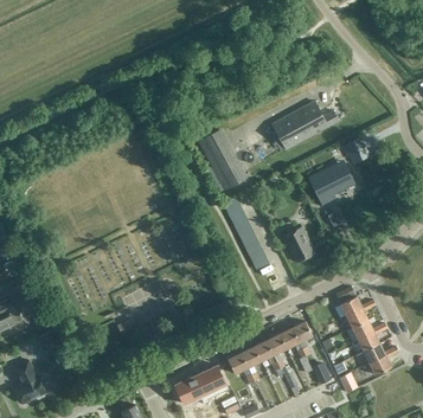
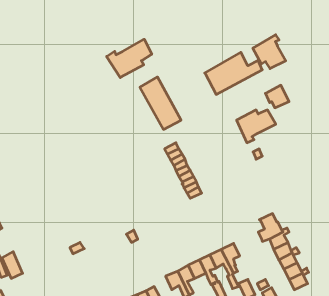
building: none -> [253,35,286,69]
building: none -> [107,39,152,78]
building: [283,226,314,262] -> none

